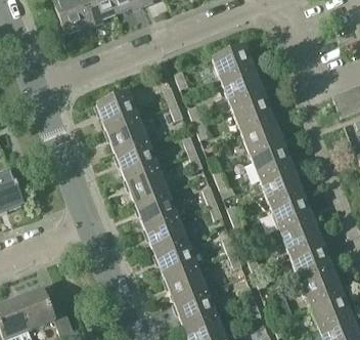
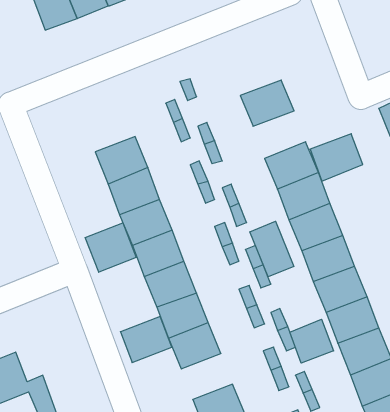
building: [212,44,255,83] -> none
building: [96,90,138,128] -> none
building: [232,95,274,133] -> [310,134,363,181]
building: none -> [250,221,294,277]
building: none -> [85,223,136,272]
building: none -> [290,319,334,363]
building: [175,289,216,326] -> [120,316,172,363]

